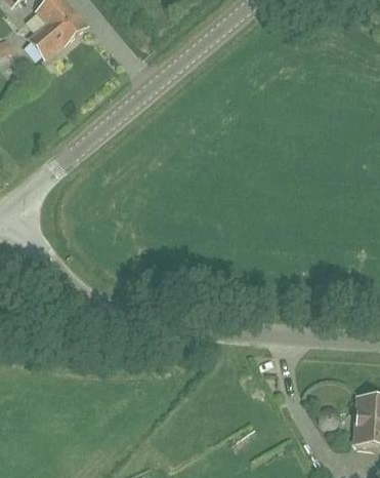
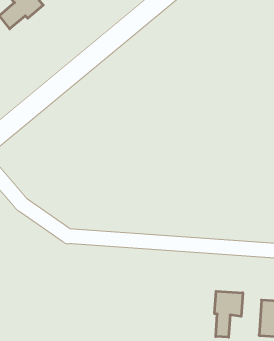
building: none -> [215,291,243,337]

